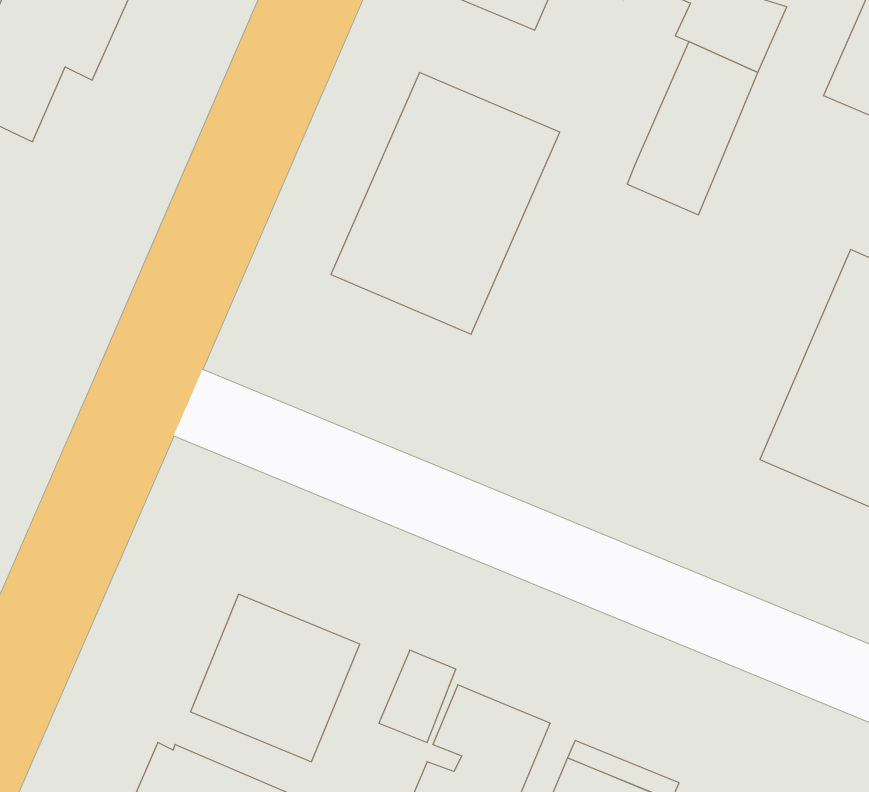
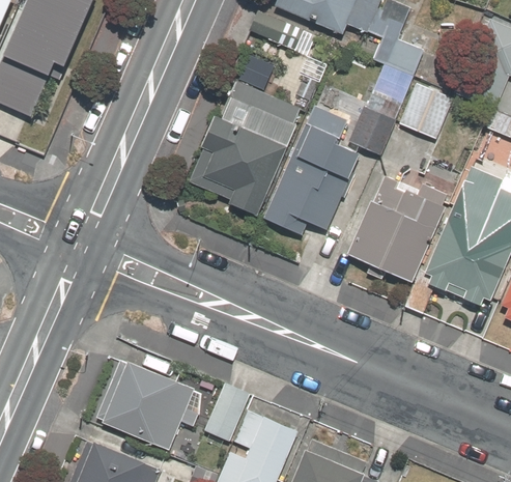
building: none -> [395,80,452,141]
building: none -> [259,112,363,240]
building: none -> [343,158,463,288]

